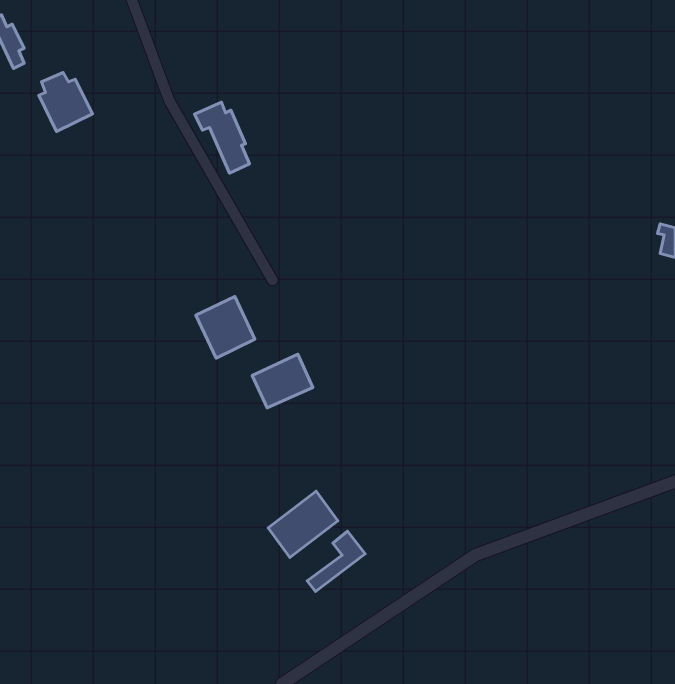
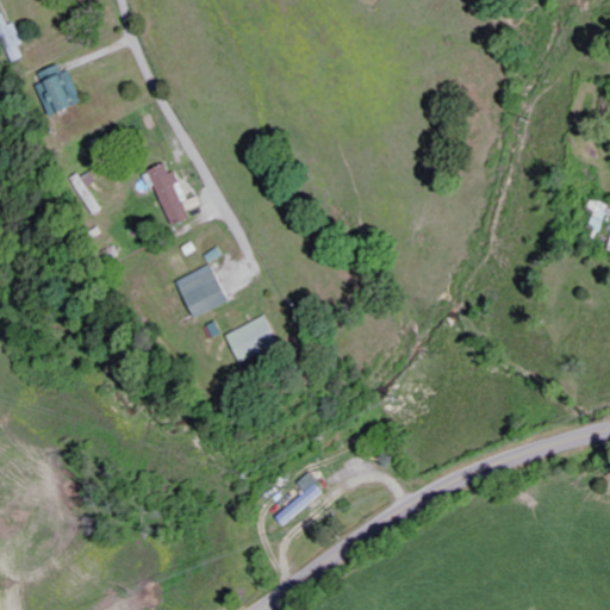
building: [195,102,250,173] -> [139,163,188,226]
building: [268,491,338,557] -> none

